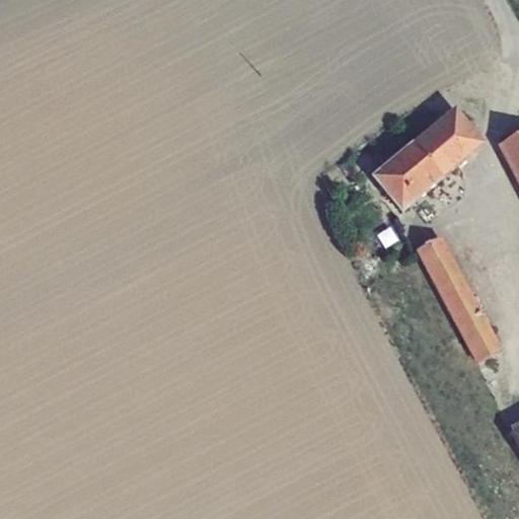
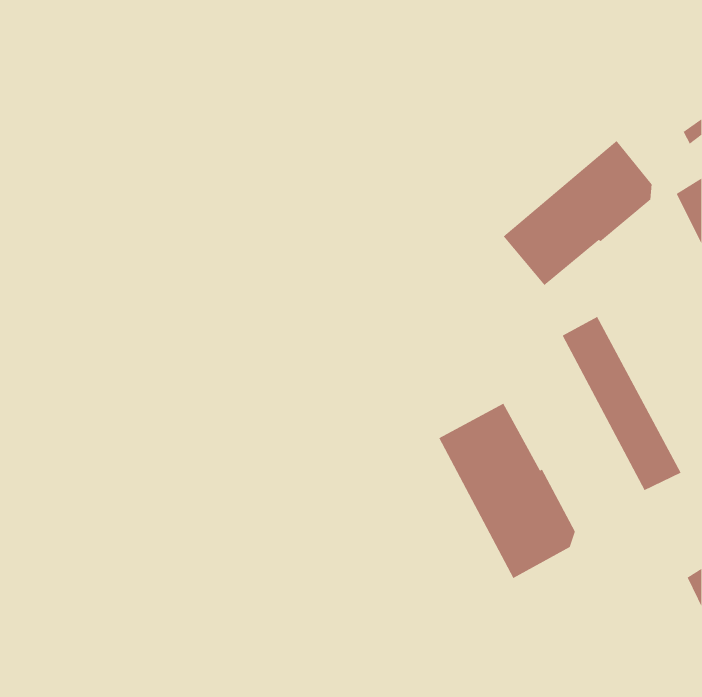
building: none -> [438,403,576,579]

